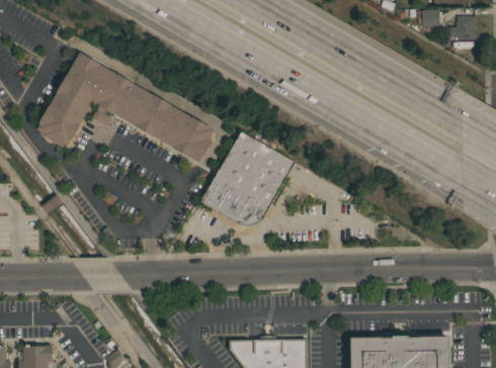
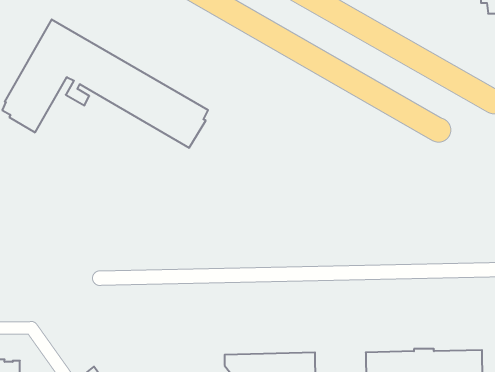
building: [200,131,296,226] -> none

